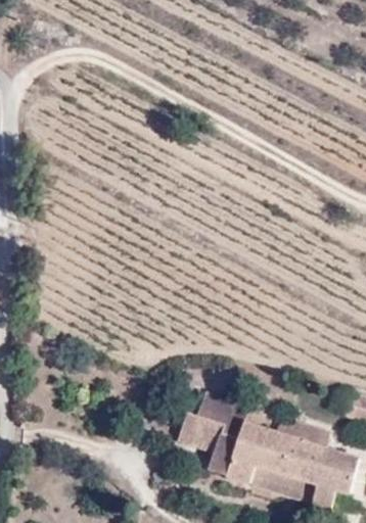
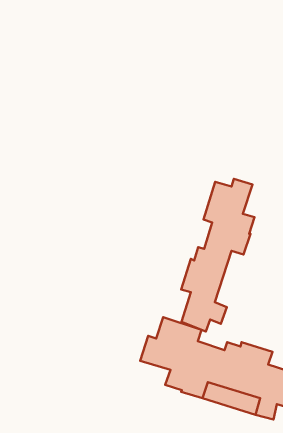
building: none -> [181,179,254,331]

